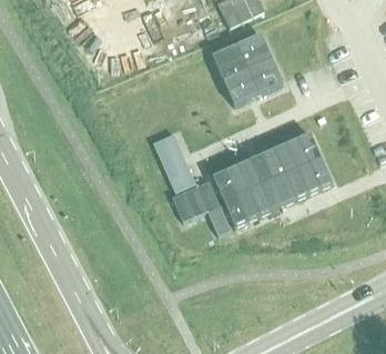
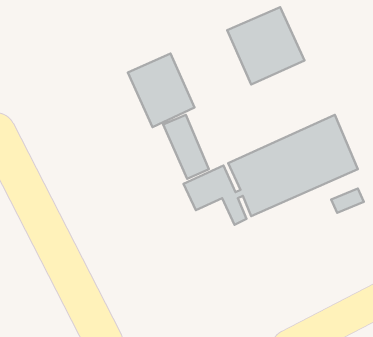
building: none -> [128,53,195,127]

